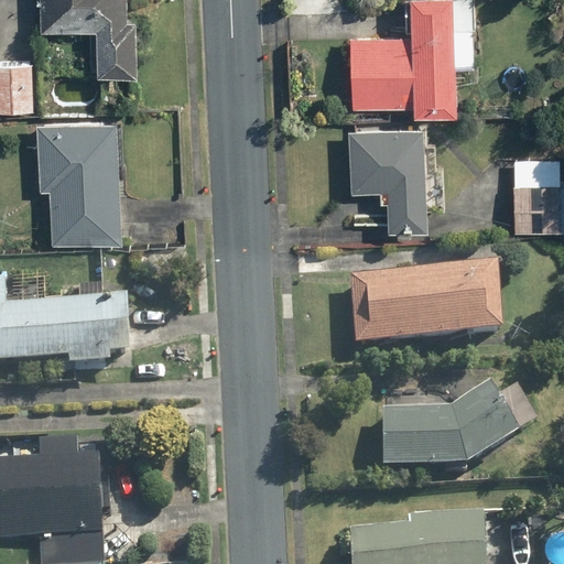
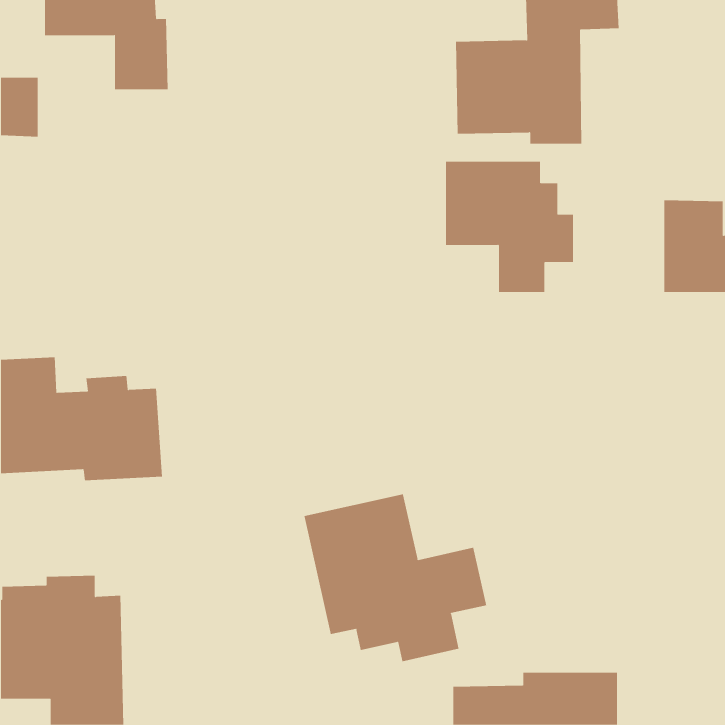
building: [36,116,117,238] -> none
building: [347,268,501,350] -> none
building: none -> [304,493,487,662]
building: [381,384,540,469] -> none

